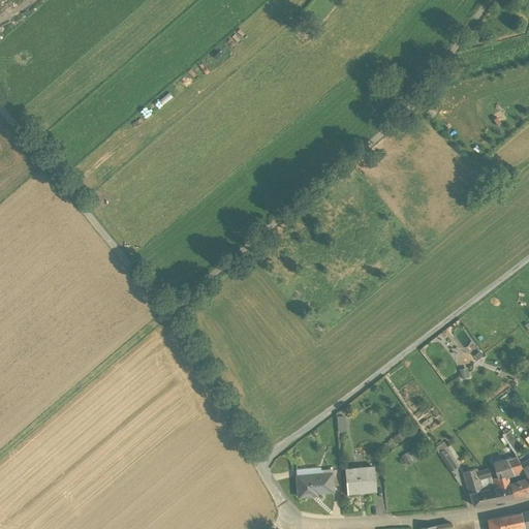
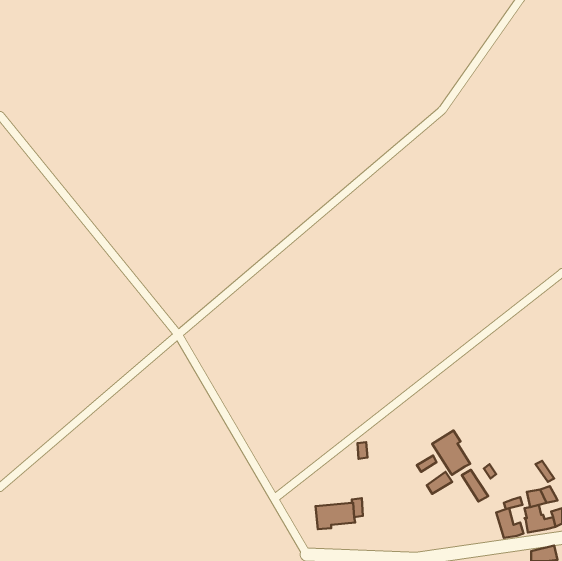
building: none -> [432,431,470,475]
building: [346,468,376,493] -> none

